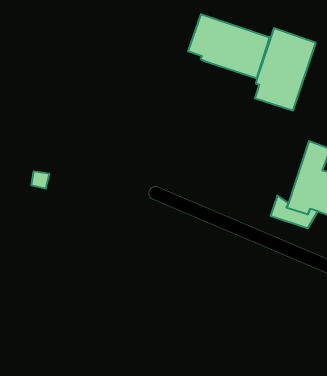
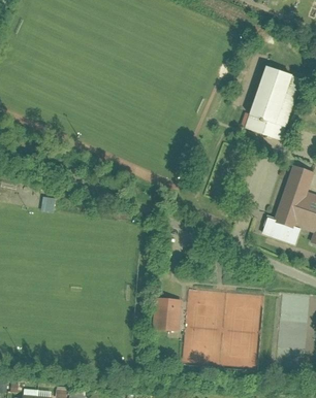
building: [188,14,270,78] -> none
building: none -> [152,298,181,333]

